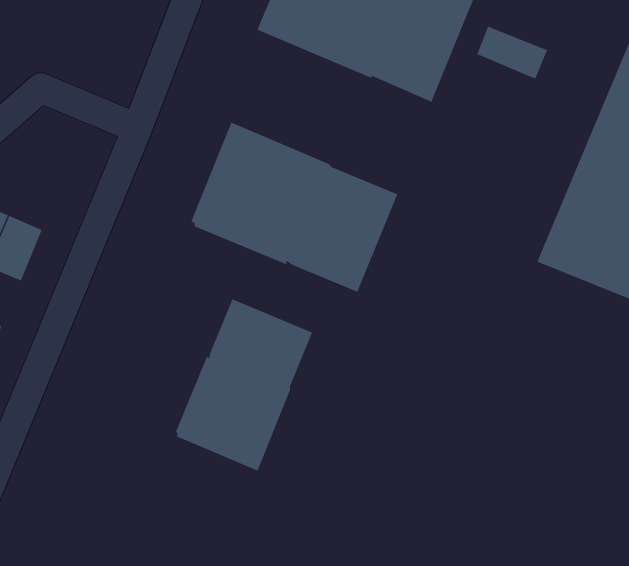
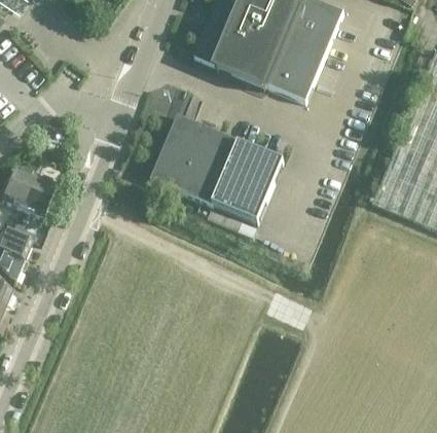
building: [476,26,548,80] -> none
building: [175,298,313,472] -> none

